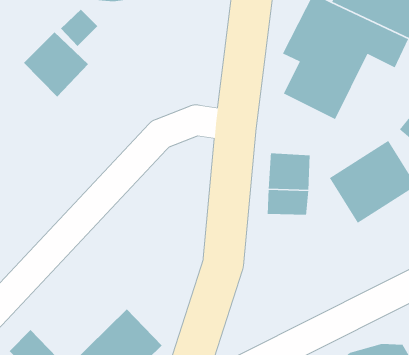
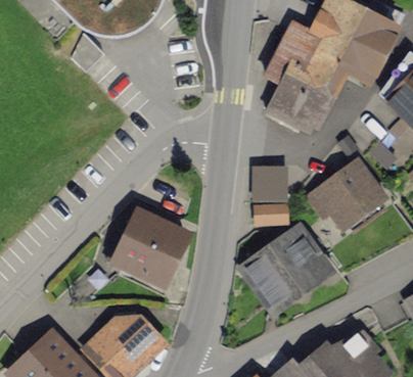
building: [23,31,89,97] -> none
building: none -> [117,213,185,288]
building: none -> [241,225,341,313]

